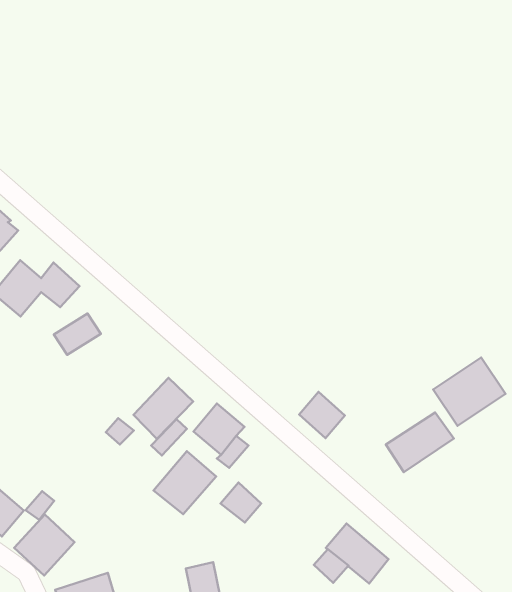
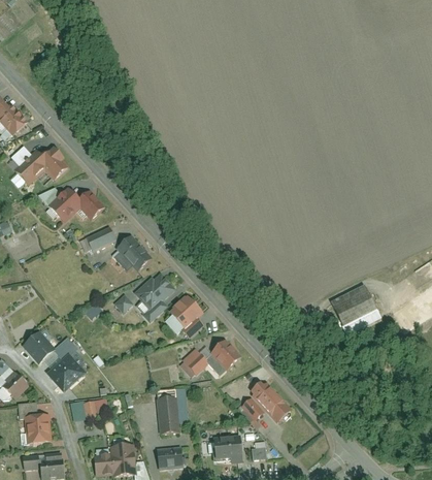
building: none -> [115,234,151,270]
building: [299,392,345,438] -> [212,339,242,370]
building: [386,412,454,472] -> none
building: [154,451,216,514] -> none

